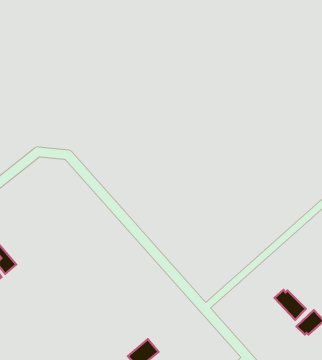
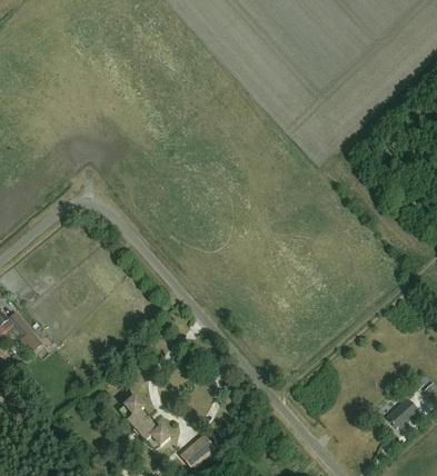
building: [274,290,306,320] -> none
building: none -> [125,396,170,445]

